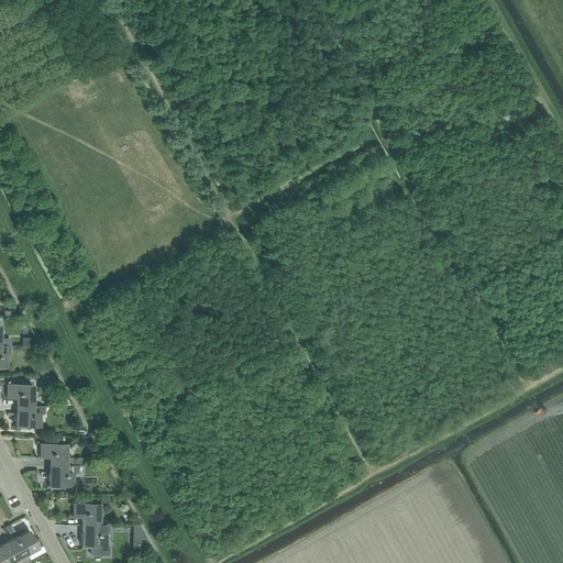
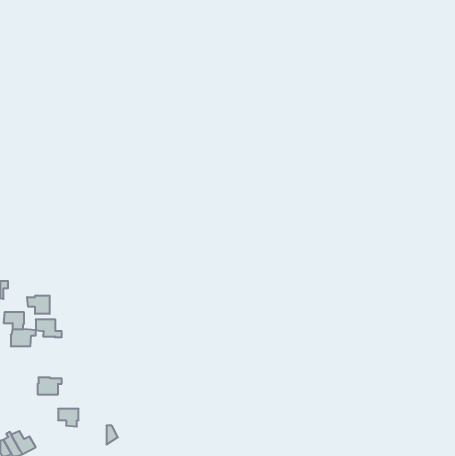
building: none -> [27,296,50,314]
building: [41,444,73,466] -> [36,319,62,337]
building: [81,525,111,556] -> none

